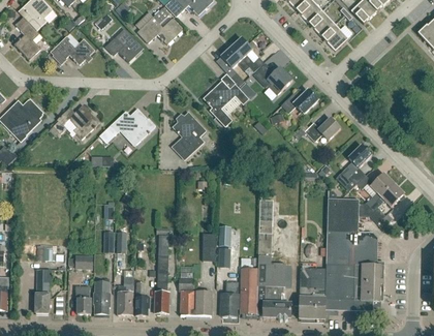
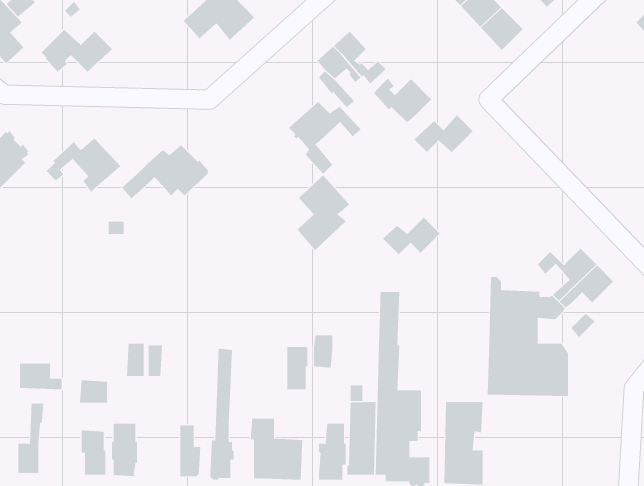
building: [105,28,143,61] -> none
building: [172,113,205,160] -> [296,175,350,251]
building: [304,118,340,142] -> [382,217,441,255]
building: [343,145,371,183] -> none
building: [323,262,383,312] -> none
building: [117,276,133,315] -> none

